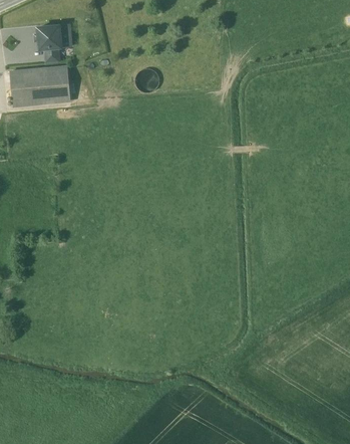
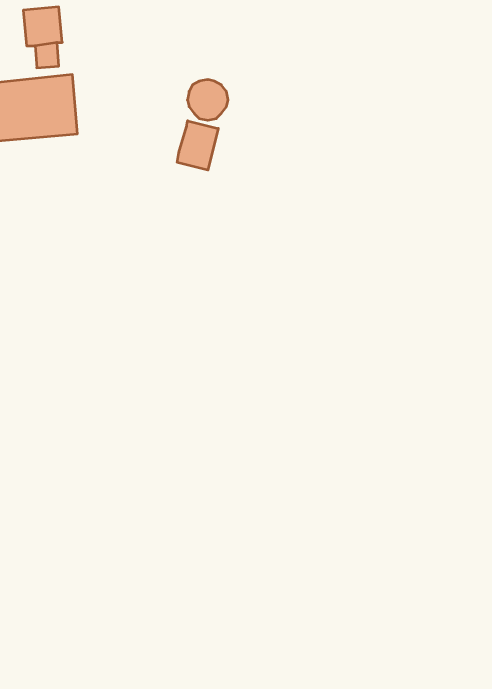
building: none -> [177,121,218,170]

